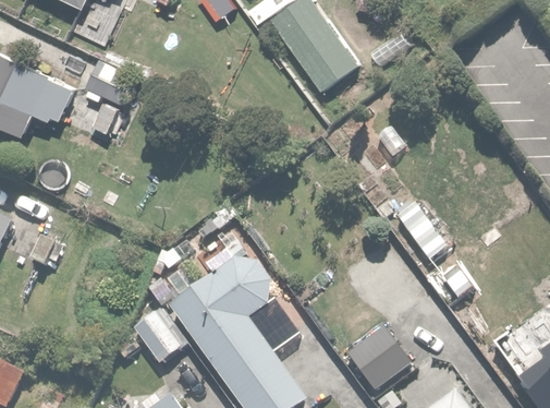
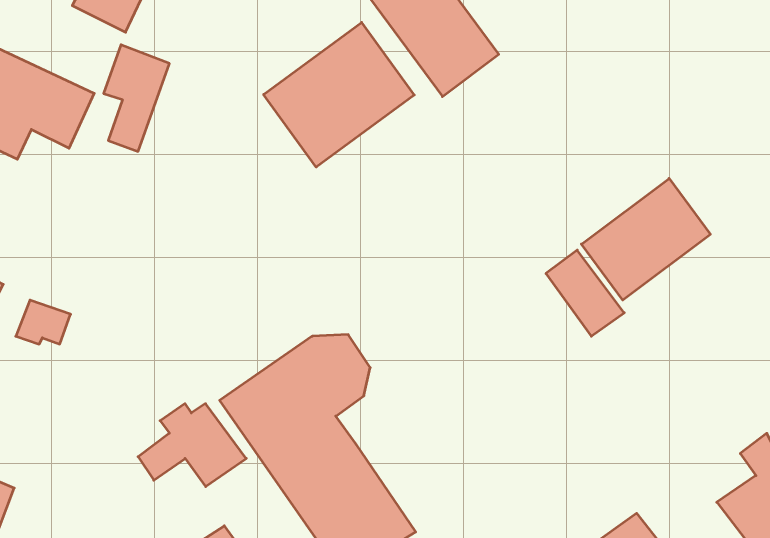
building: none -> [264,22,414,167]
building: none -> [581,178,710,300]
building: [342,327,407,391] -> none

